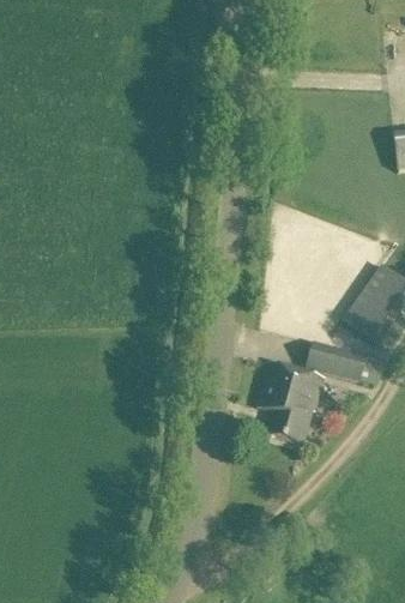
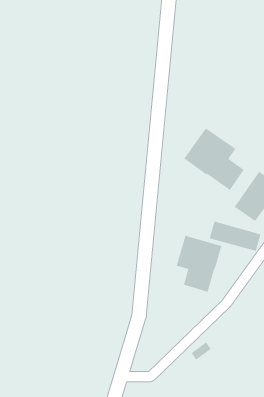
building: none -> [184,127,244,191]

